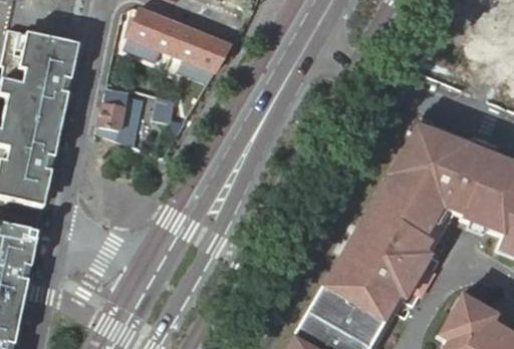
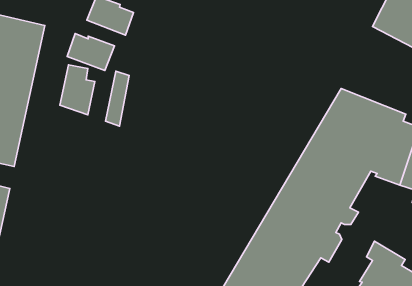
building: [172,29,226,71] -> [67,34,115,70]

